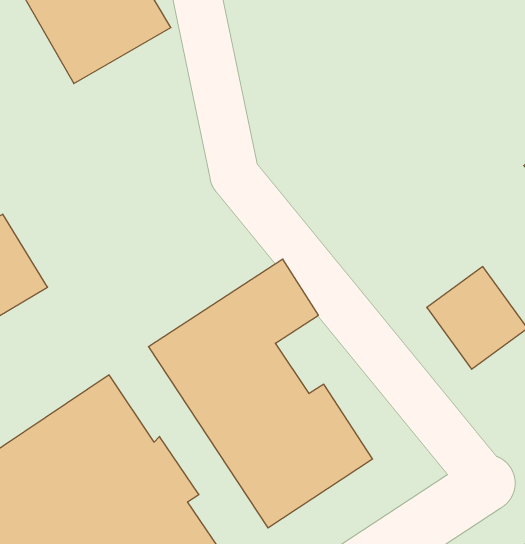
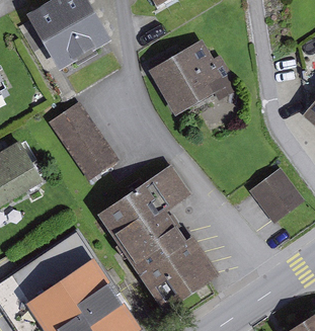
building: none -> [148,39,239,115]
building: none -> [49,102,120,182]

